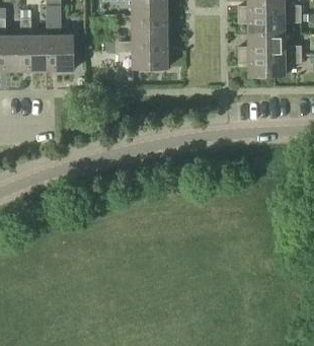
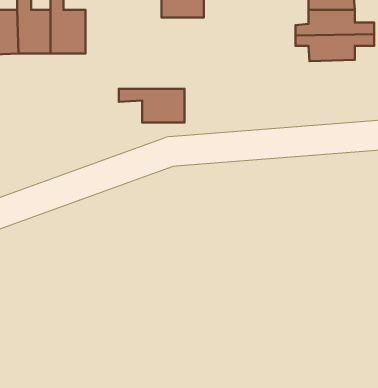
building: [115,42,167,68] -> [119,89,185,122]

